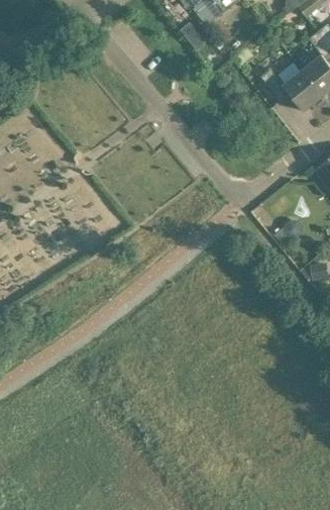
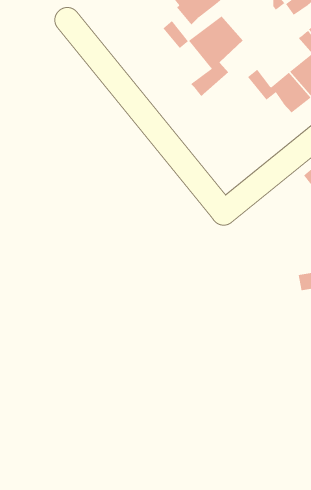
building: none -> [188,16,243,97]

